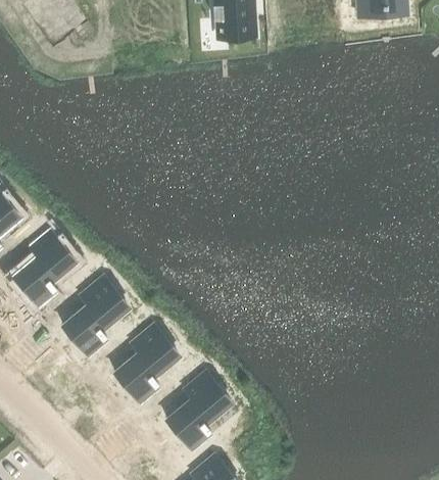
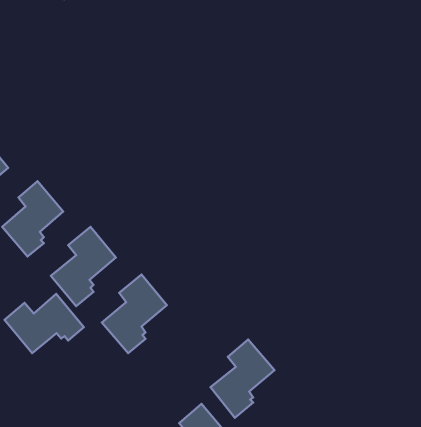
building: none -> [4,294,84,353]
building: [166,371,231,449] -> [211,339,275,418]

